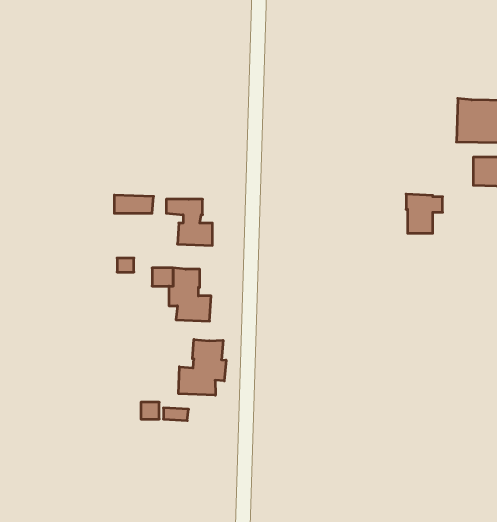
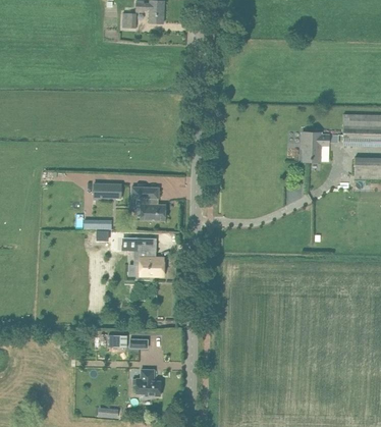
building: [406,194,443,233] -> [302,131,328,160]
building: [179,339,226,395] -> none
building: none -> [135,369,160,395]

